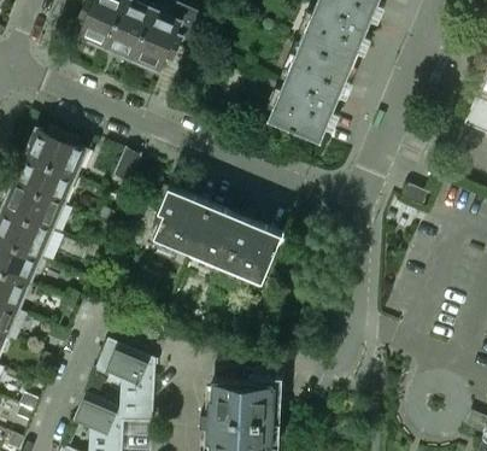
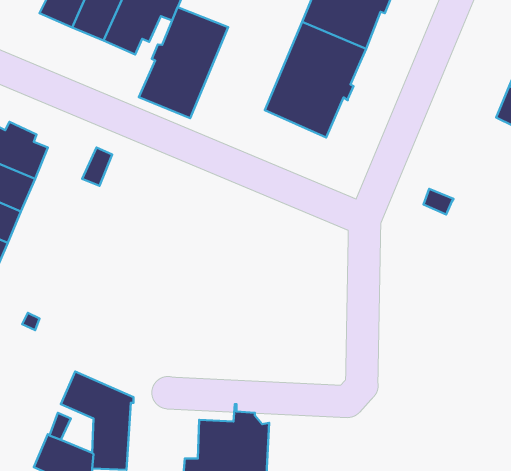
building: none -> [139,7,228,118]
building: [153,186,282,282] -> none

